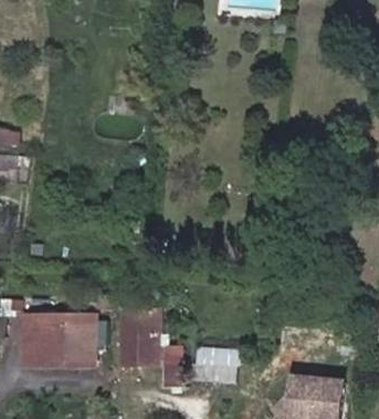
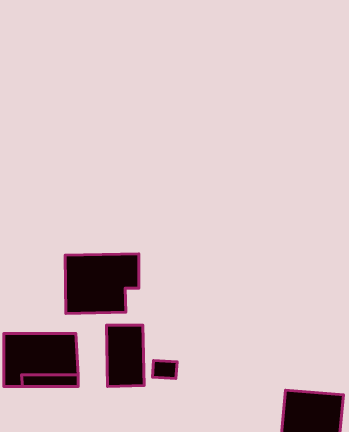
building: none -> [65,254,139,313]
building: [197,344,242,380] -> none

